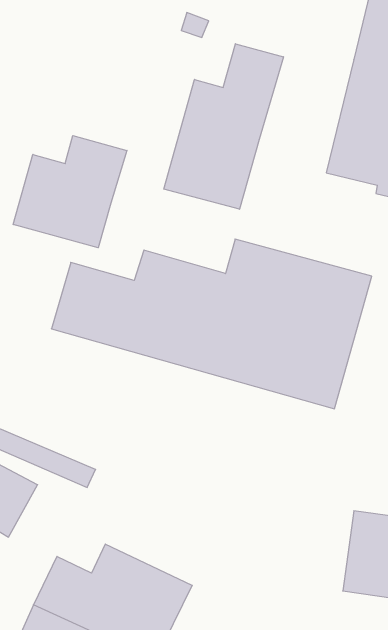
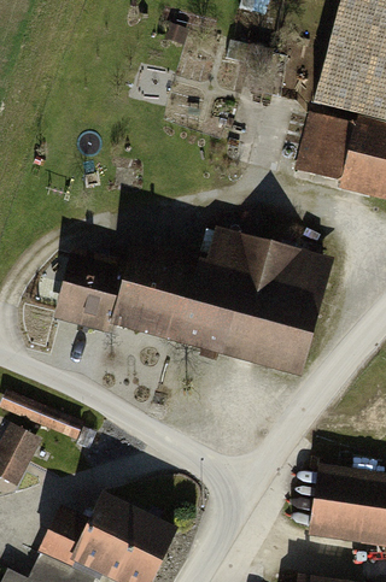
building: [164,44,283,209] -> none
building: [13,136,127,248] -> none

